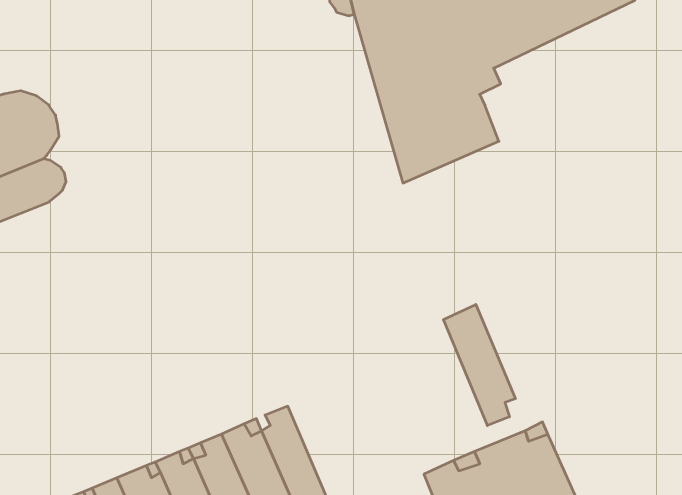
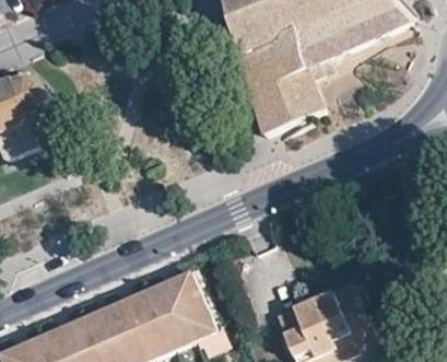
building: [443,304,515,426] -> none

